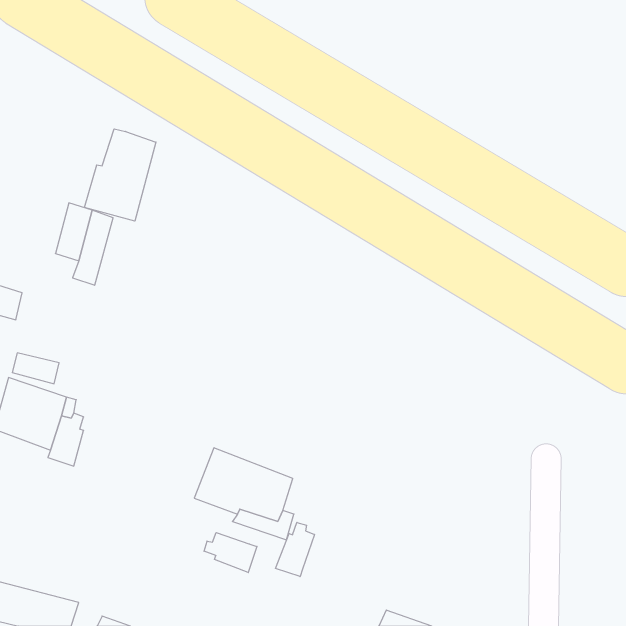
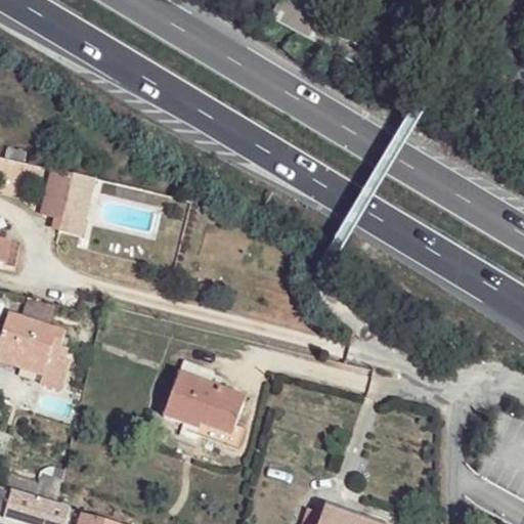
building: [85,129,156,221] -> none
building: [275,522,314,577] -> none
building: [204,533,257,573] -> none

